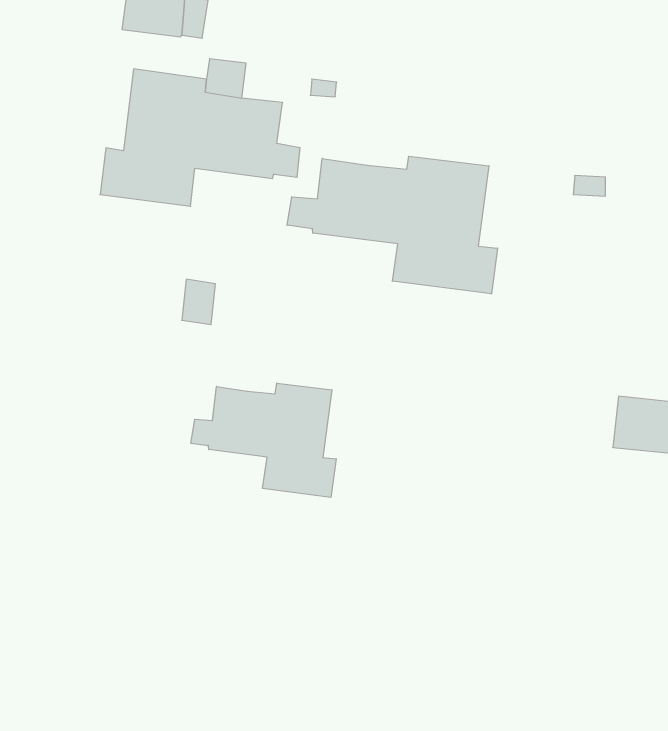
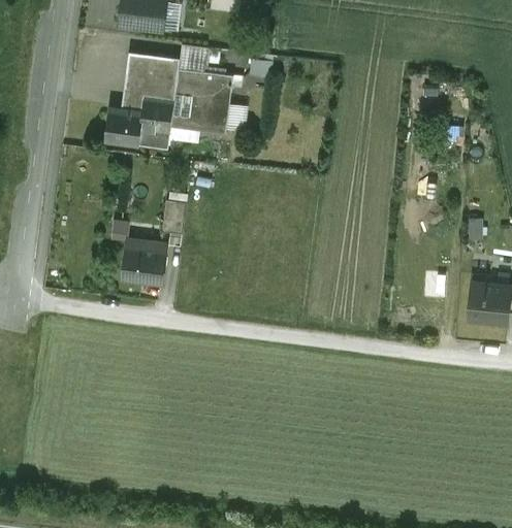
building: [287,156,498,294] -> none
building: none -> [123,240,166,284]
building: [191,383,336,497] -> none

